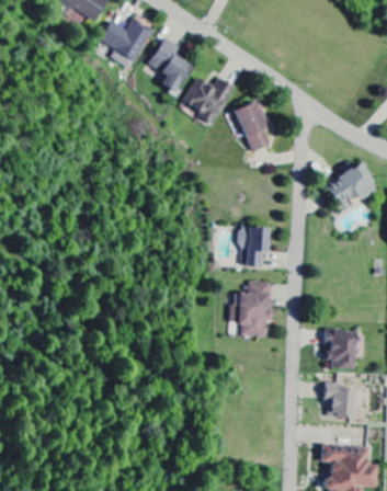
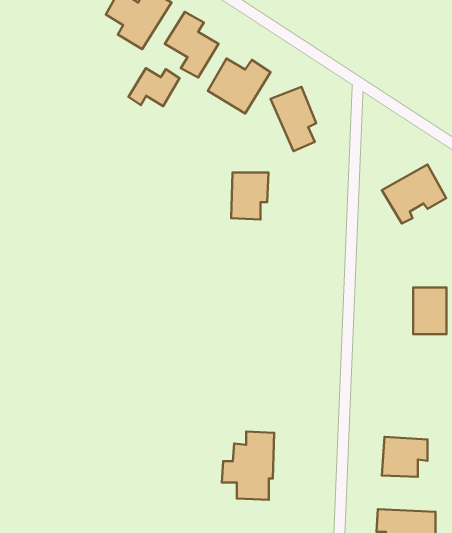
building: none -> [128,68,180,106]
building: [238,227,269,265] -> [231,173,269,220]
building: [228,281,271,336] -> [222,432,274,500]
building: [327,330,354,368] -> [413,287,447,334]

